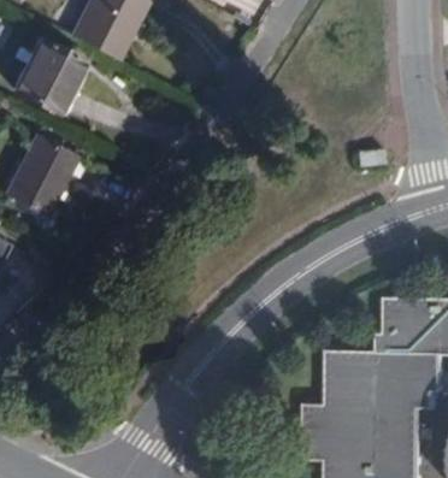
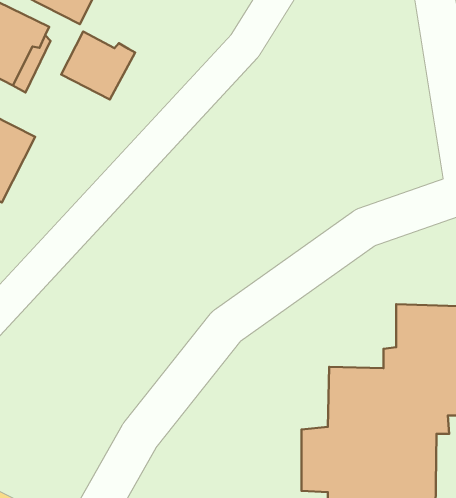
building: none -> [61,32,135,99]

